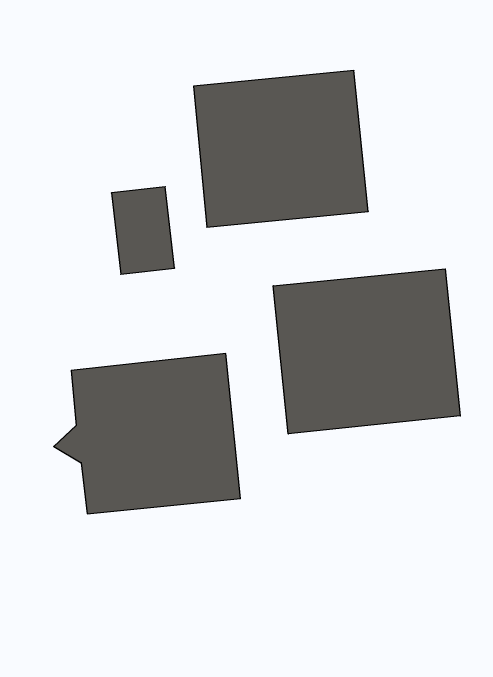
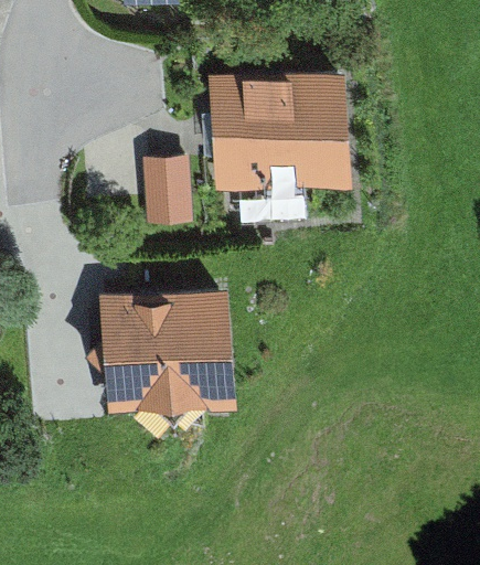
building: [273,269,460,434] -> none

